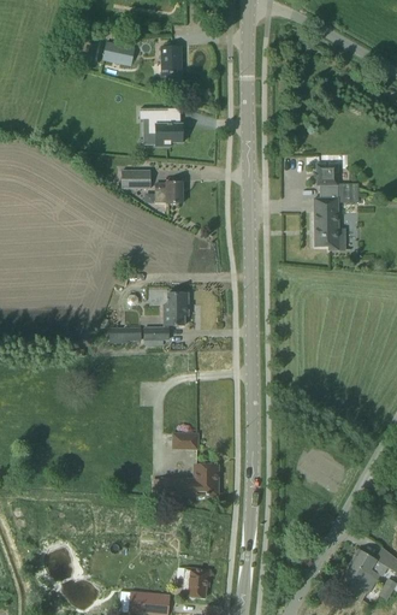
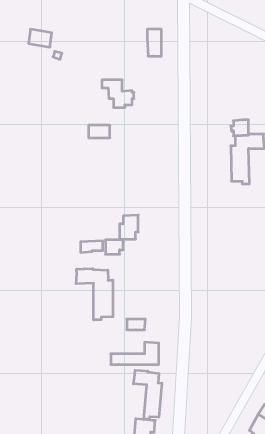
building: [103,40,135,64] -> [29,29,52,47]
building: [162,46,182,82] -> [147,29,161,56]
building: [156,181,183,202] -> none
building: none -> [76,269,113,320]
building: none -> [133,370,162,419]

